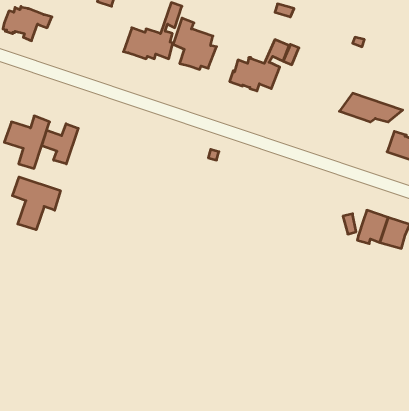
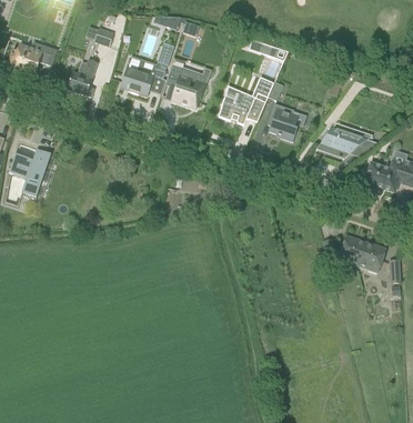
building: none -> [62,59,98,97]
building: none -> [269,103,299,141]
building: [42,124,78,164] -> none
building: [12,177,60,230] -> none

